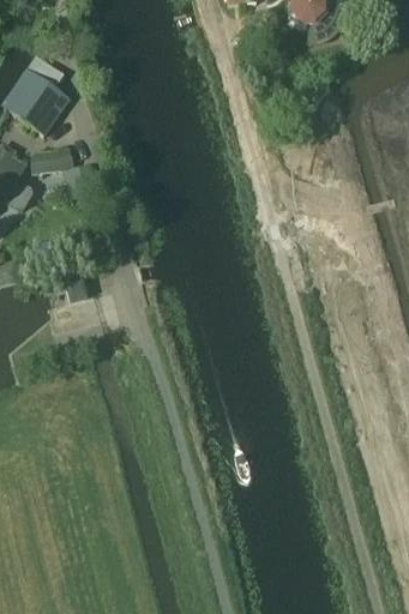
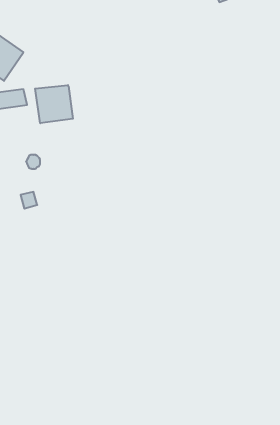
building: none -> [35,85,73,123]

